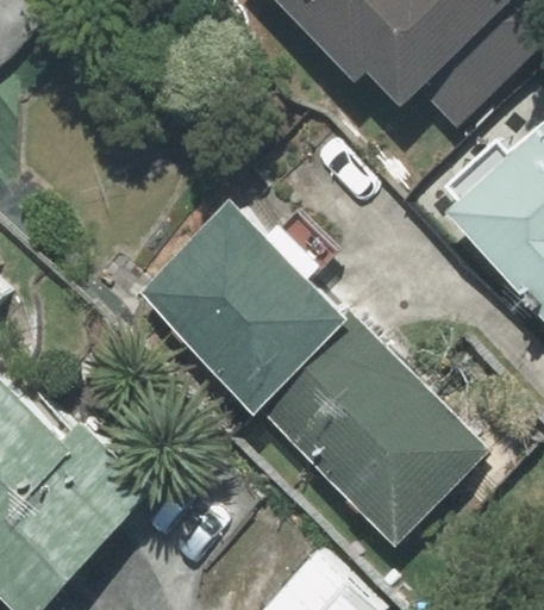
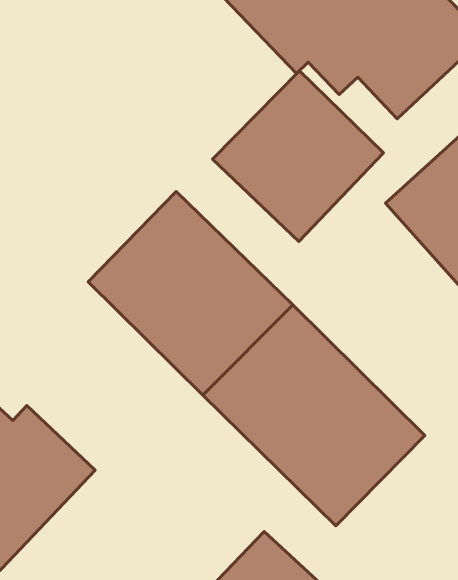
building: none -> [213,71,384,241]

